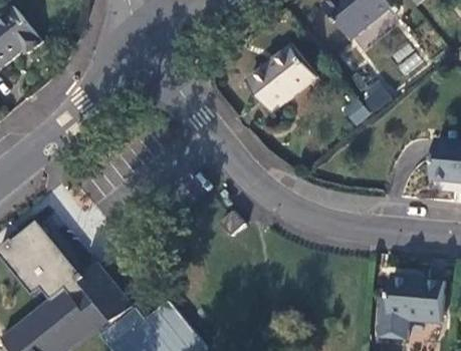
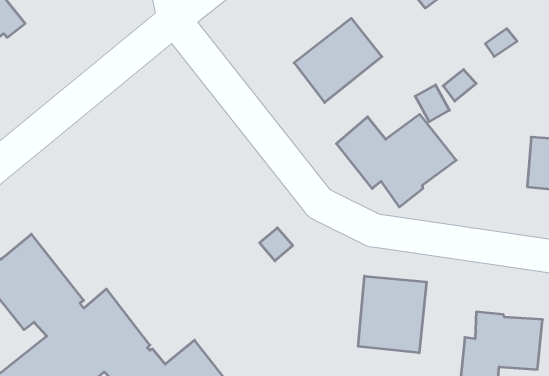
building: none -> [336,114,456,207]
building: none -> [358,276,427,353]

